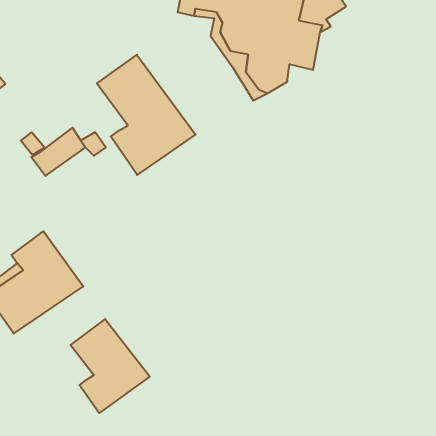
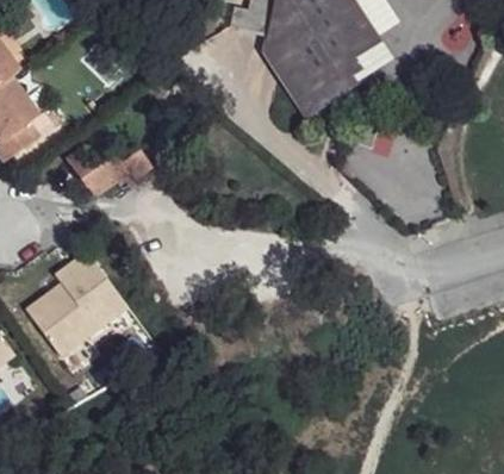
building: [97,55,196,175] -> none
building: [71,319,150,413] -> none

